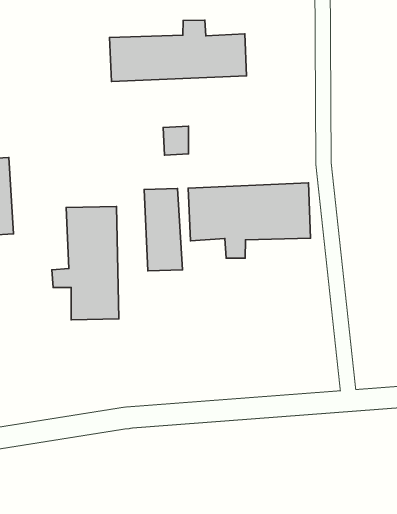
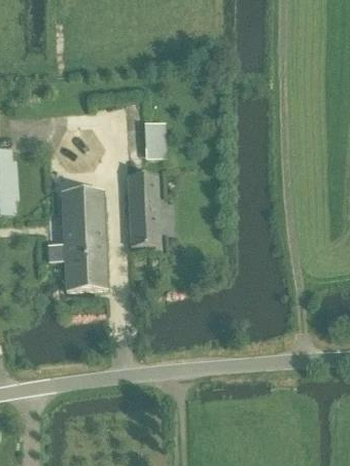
building: [110,20,246,82] -> none
building: [188,183,311,258] -> none

